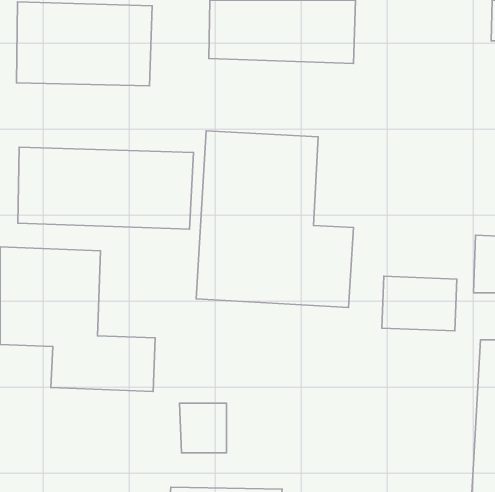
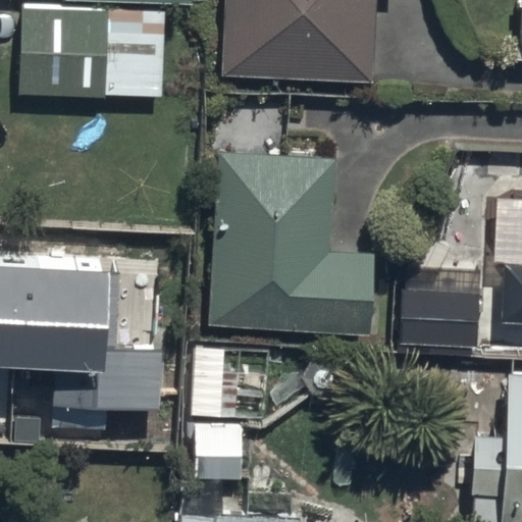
building: [18,147,193,229] -> none

